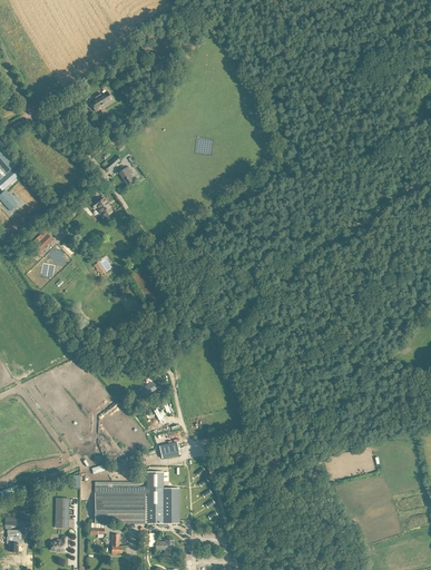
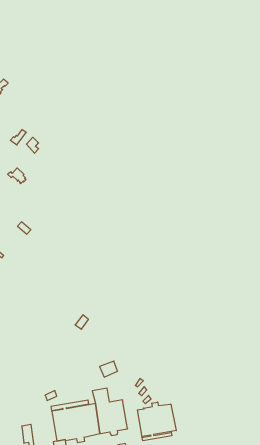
building: none -> [137,402,176,441]

